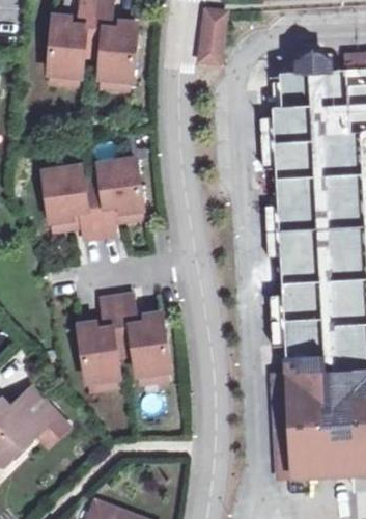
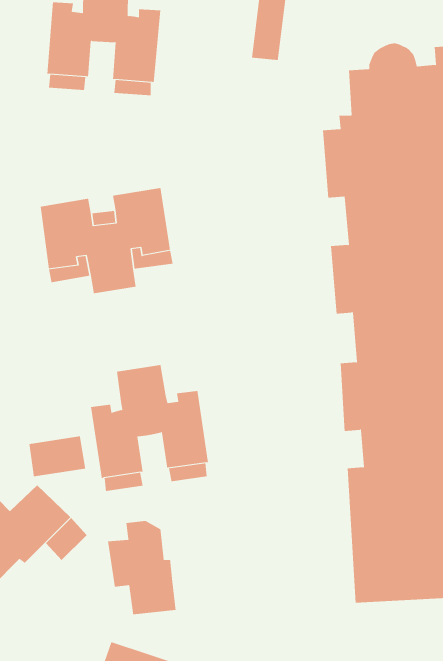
building: none -> [29,435,86,477]
building: none -> [108,520,176,615]

